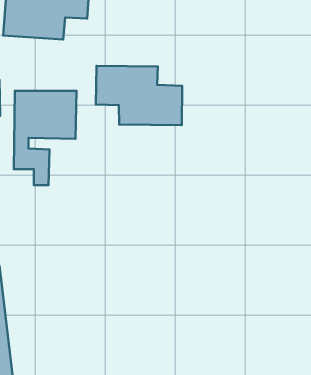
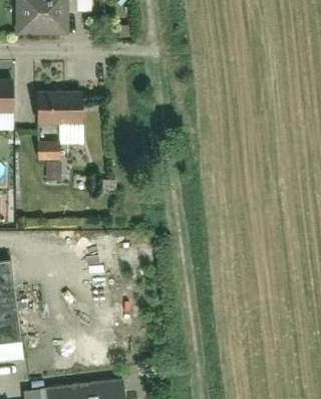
building: [96,66,182,125] -> none

